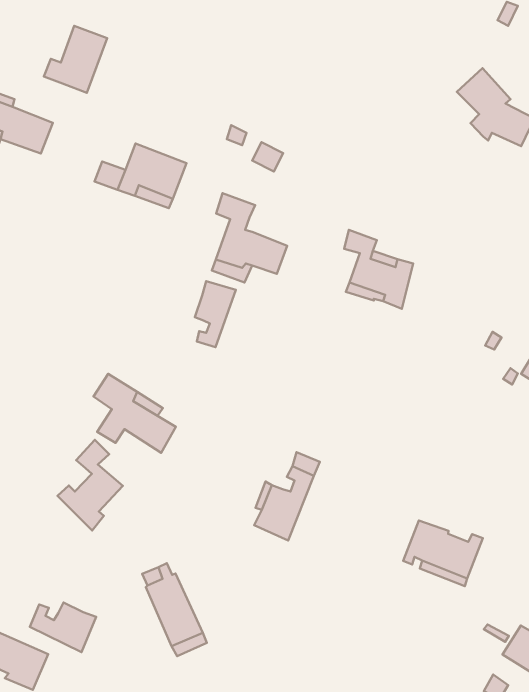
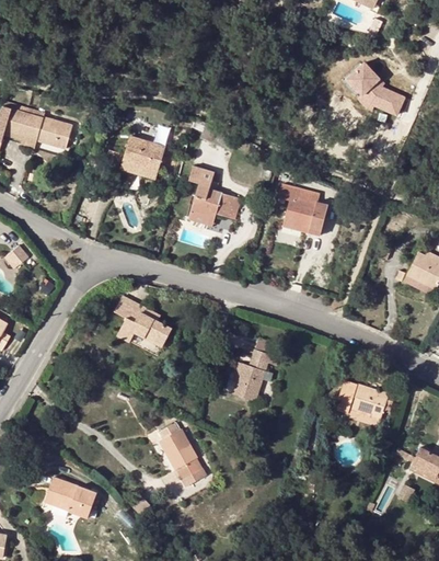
building: [44,26,107,93] -> none
building: [195,281,236,347] -> none
building: [58,440,123,530] -> none
building: [30,603,96,652] -> none

